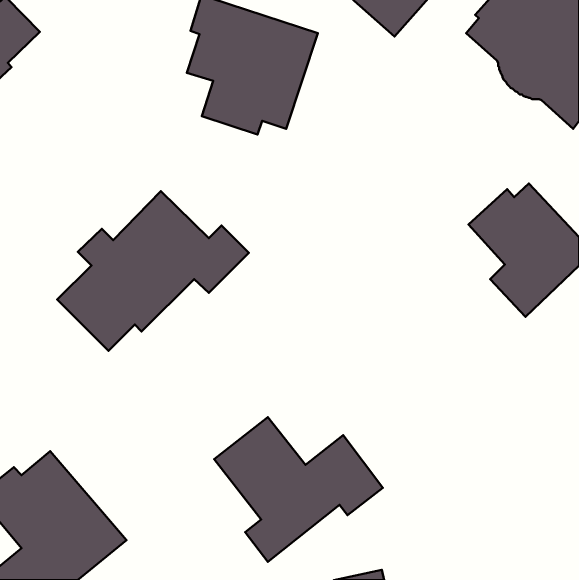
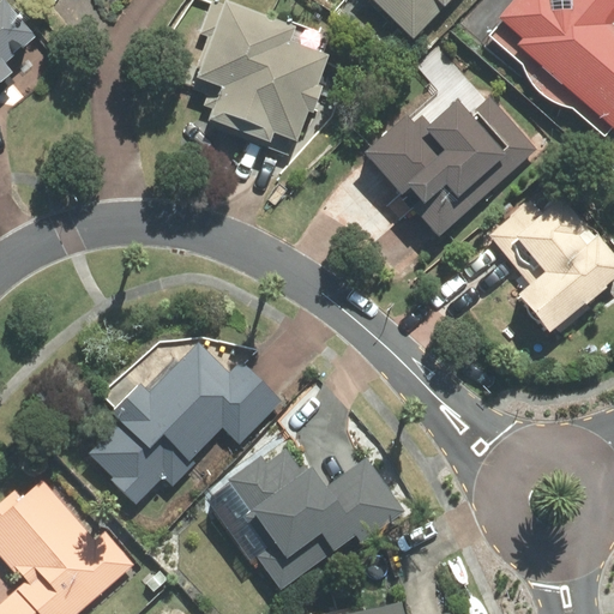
building: none -> [363,97,538,239]
building: [57,191,249,351] -> [82,337,283,505]

